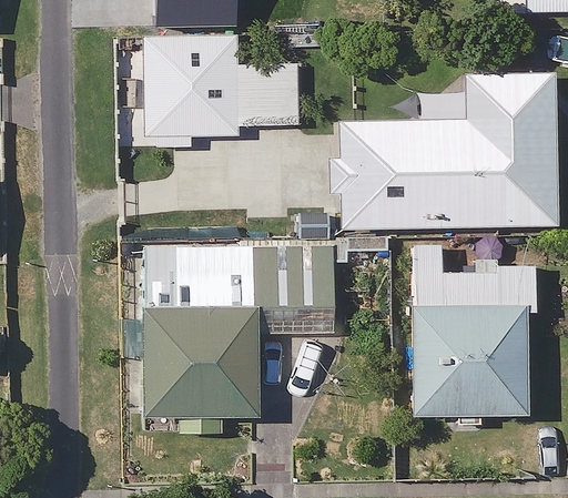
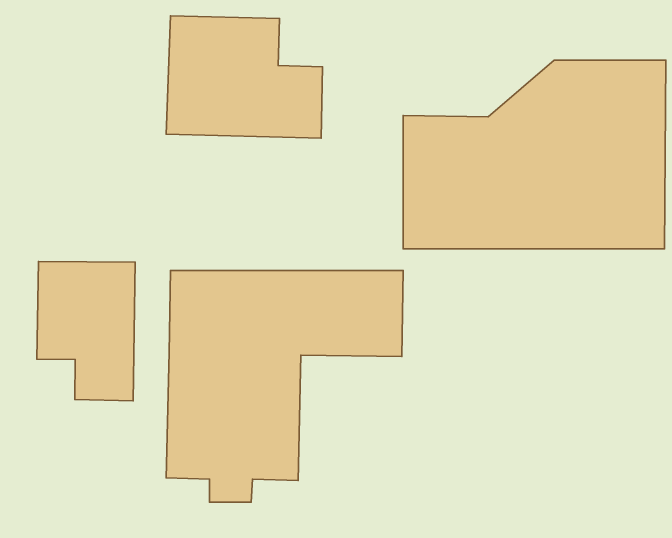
building: none -> [37,262,135,401]
building: [410,241,537,426] -> none

